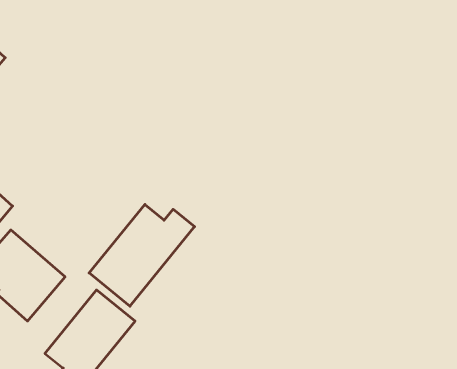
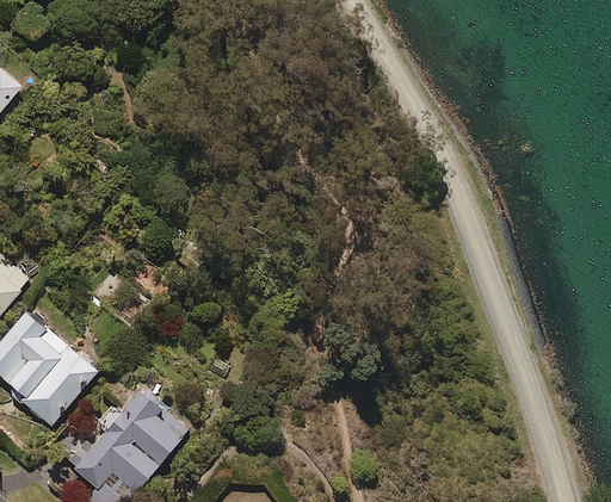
building: [89,204,195,306] -> none

